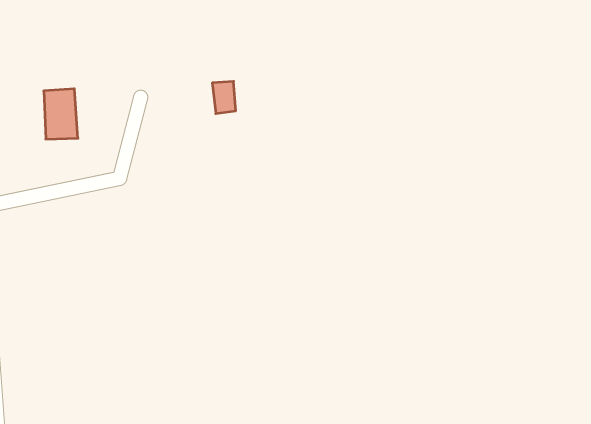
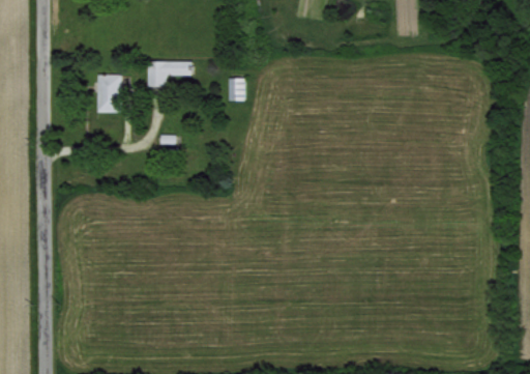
building: none -> [148,61,193,86]

